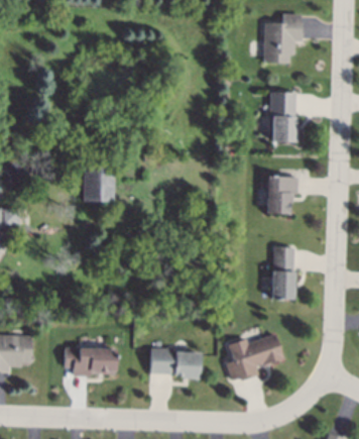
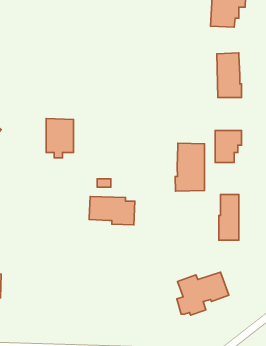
building: none -> [175,143,205,191]
building: [151,346,202,377] -> [89,197,135,225]
building: [66,347,117,375] -> none

